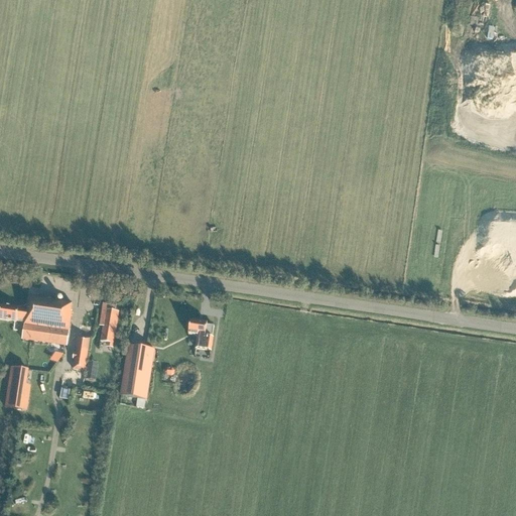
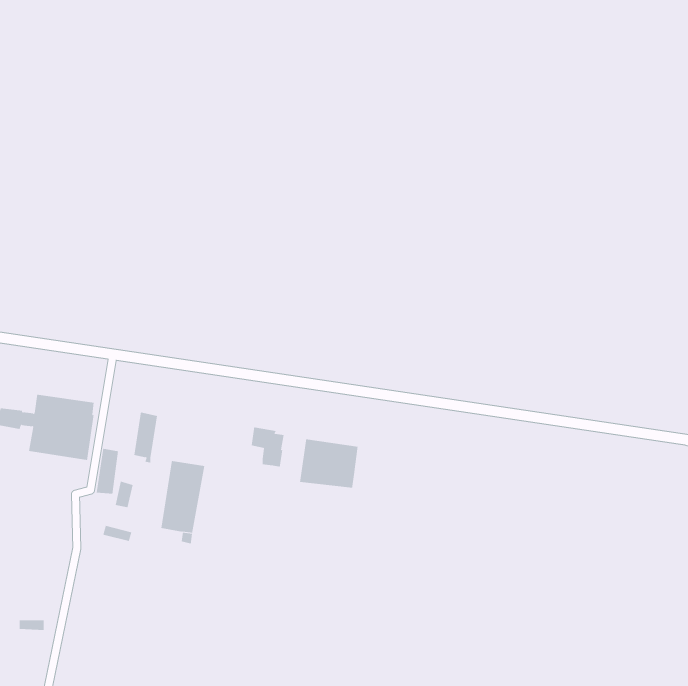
building: none -> [299,439,358,488]
building: [5,366,27,408] -> none

